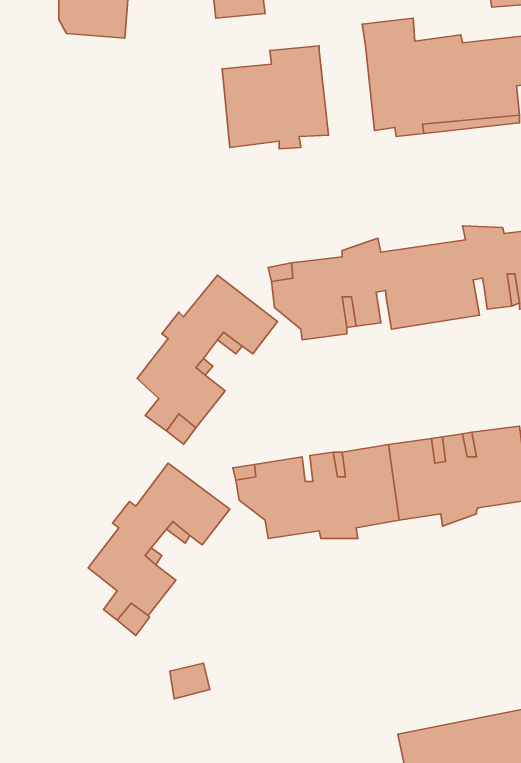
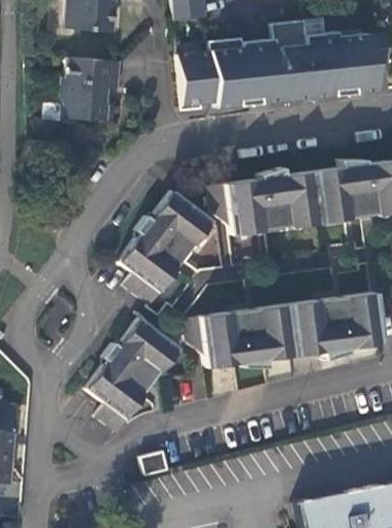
building: none -> [243,38,295,104]
building: none -> [60,57,121,120]

